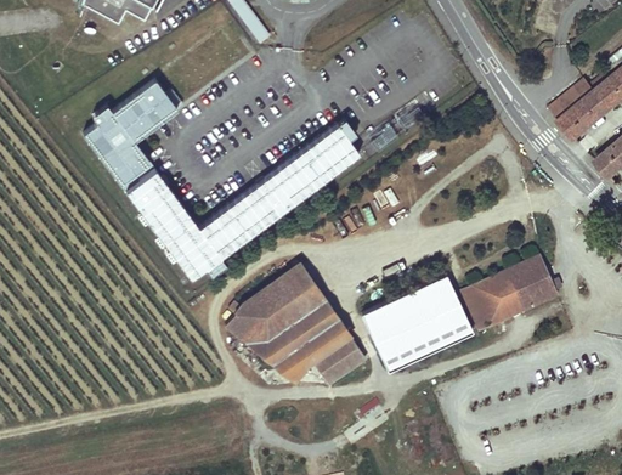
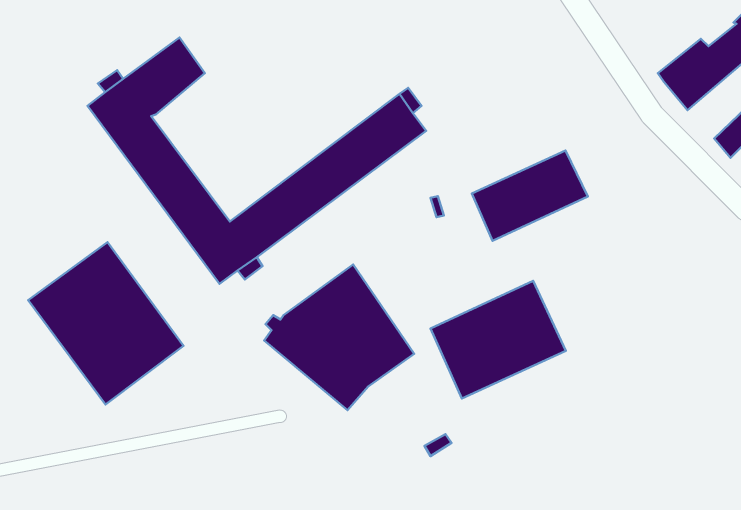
building: none -> [28,242,184,405]
building: [463,256,558,330] -> [472,150,588,241]
building: [312,337,366,385] -> none

